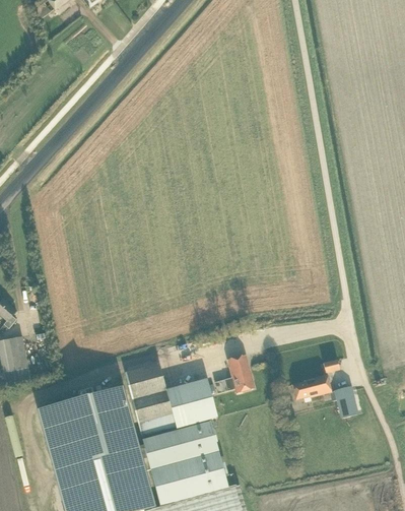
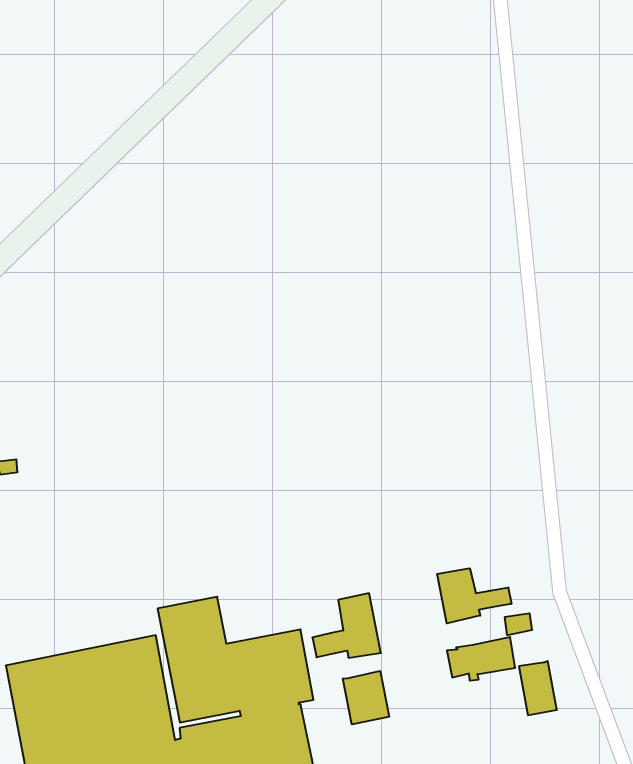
building: none -> [437,568,511,623]
building: none -> [343,671,389,724]

